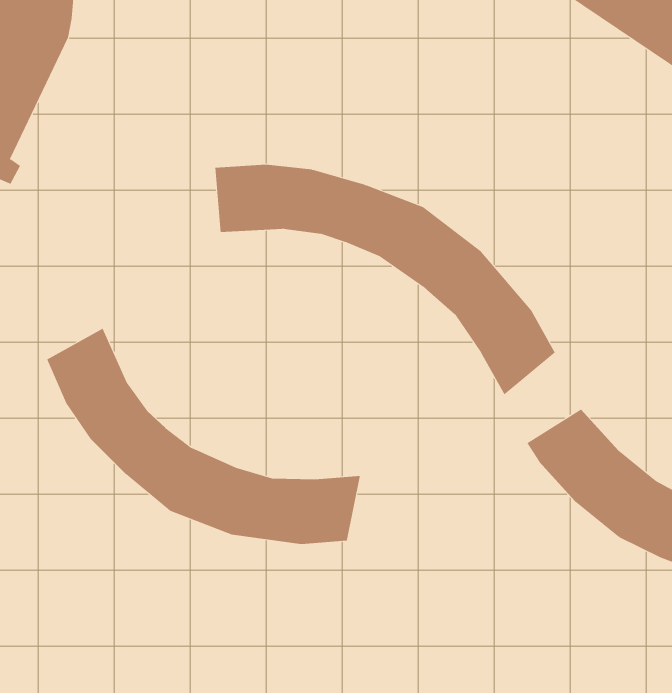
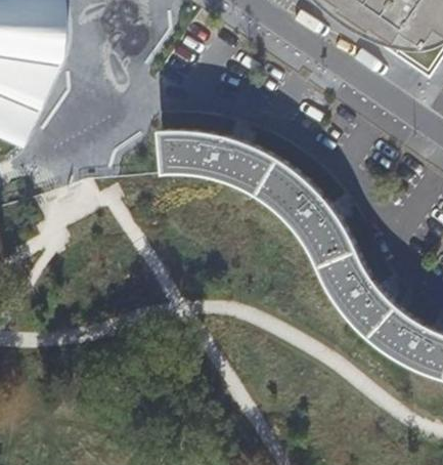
building: [47,328,361,545] -> none
building: none -> [320,243,366,297]

